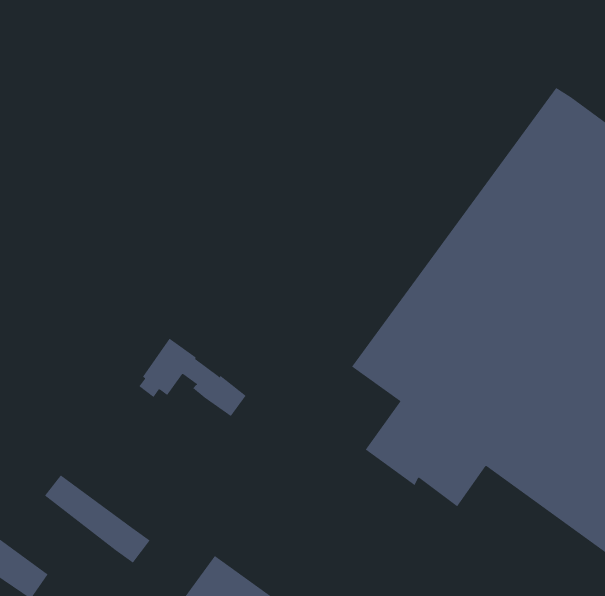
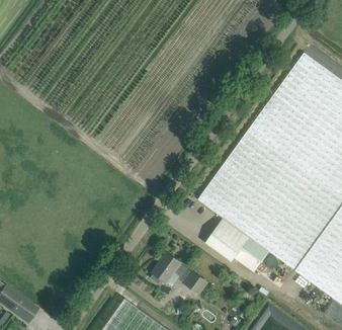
building: [138,338,246,417] -> [151,252,207,294]
building: [44,475,151,564] -> none

